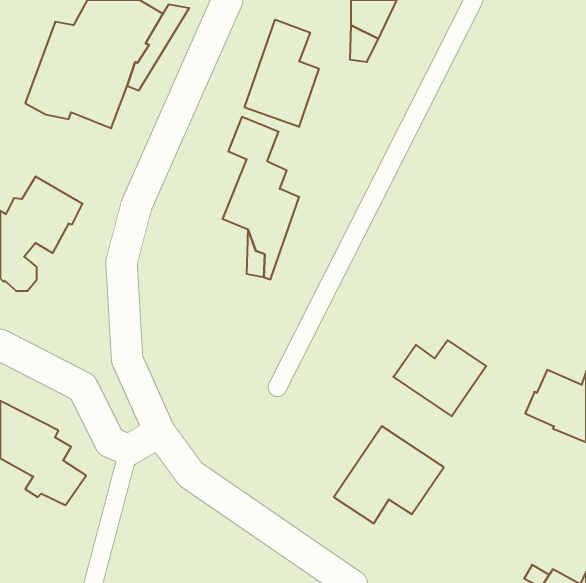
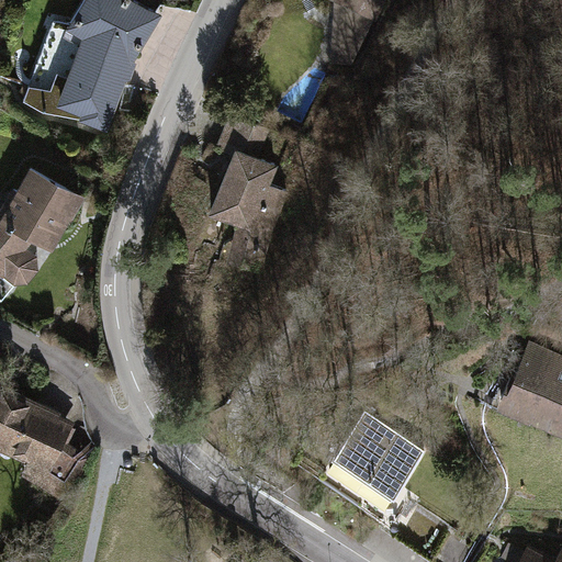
building: [245,20,319,127] -> none
building: [393,340,486,416] -> none

